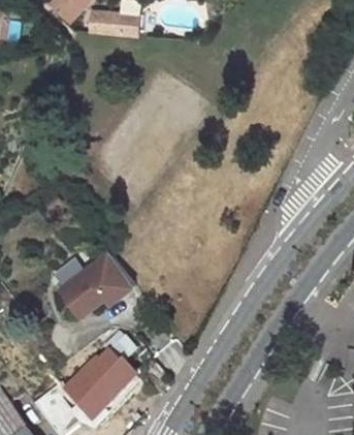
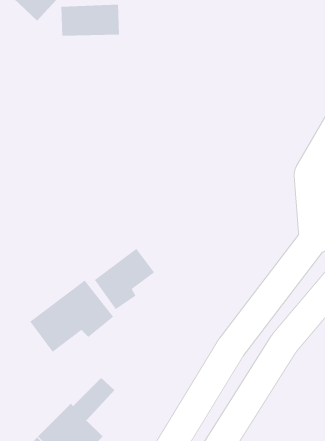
building: none -> [94,248,155,310]

